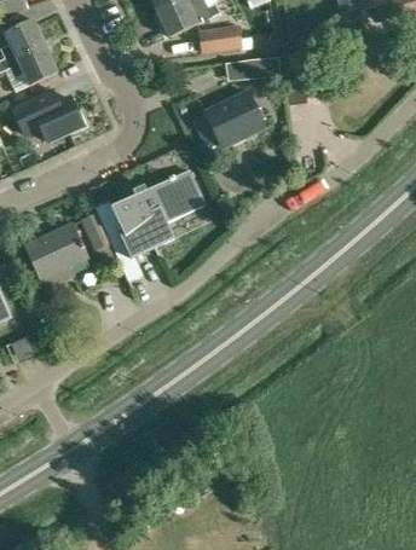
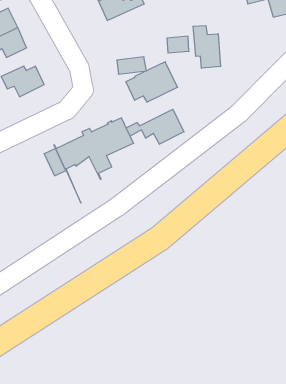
building: [200,27,241,51] -> [117,57,147,74]
building: none -> [193,26,220,68]
building: none -> [126,109,184,144]
building: [25,222,87,286] -> none

